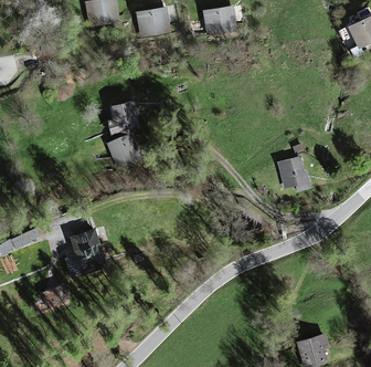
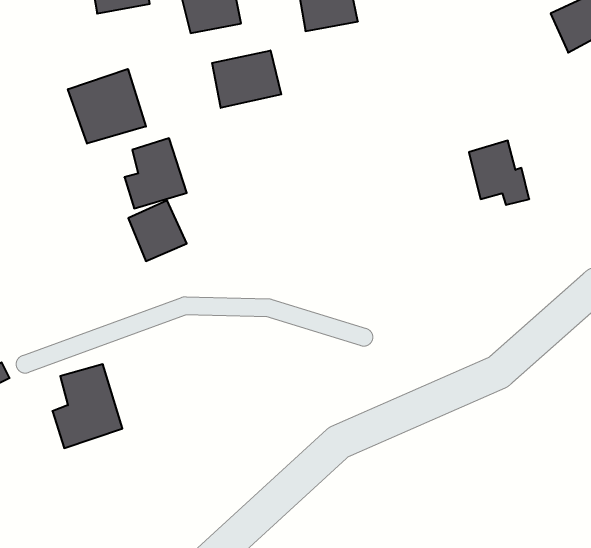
building: none -> [212,50,281,108]
building: none -> [68,69,146,144]
building: [276,151,310,188] -> [469,141,529,205]

